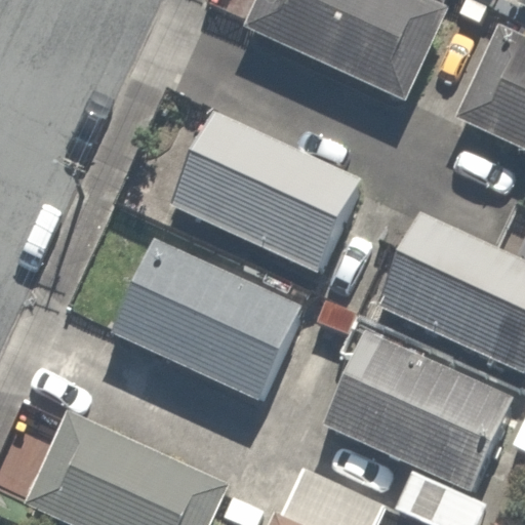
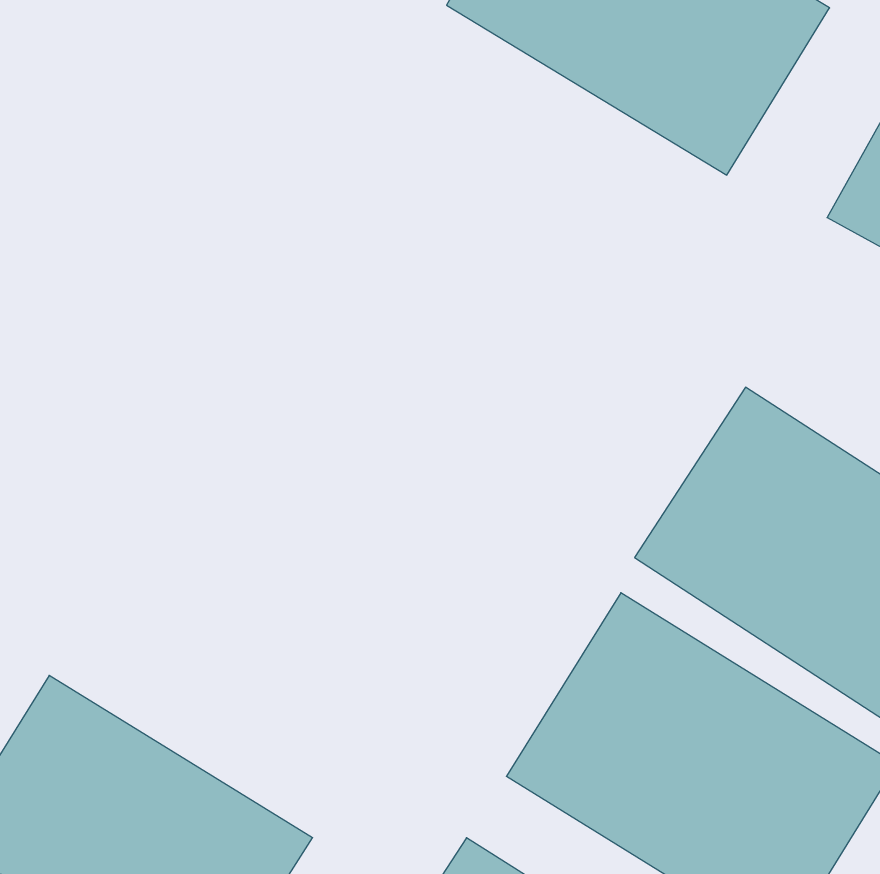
building: [171,110,357,274] -> none
building: [109,238,296,398] -> none

